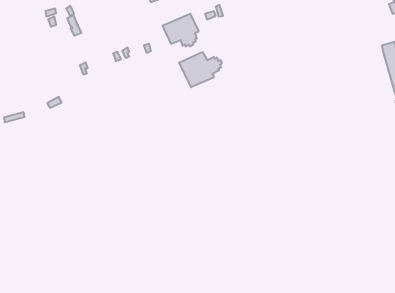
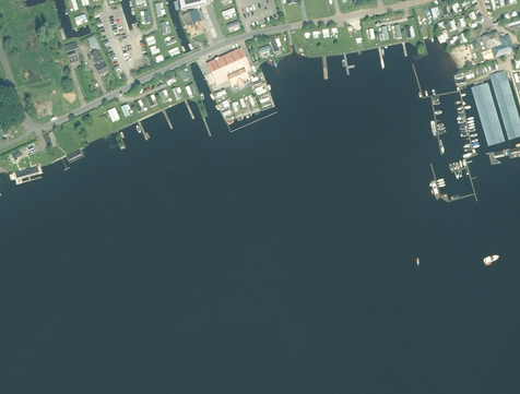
building: [179,52,222,87] -> none

